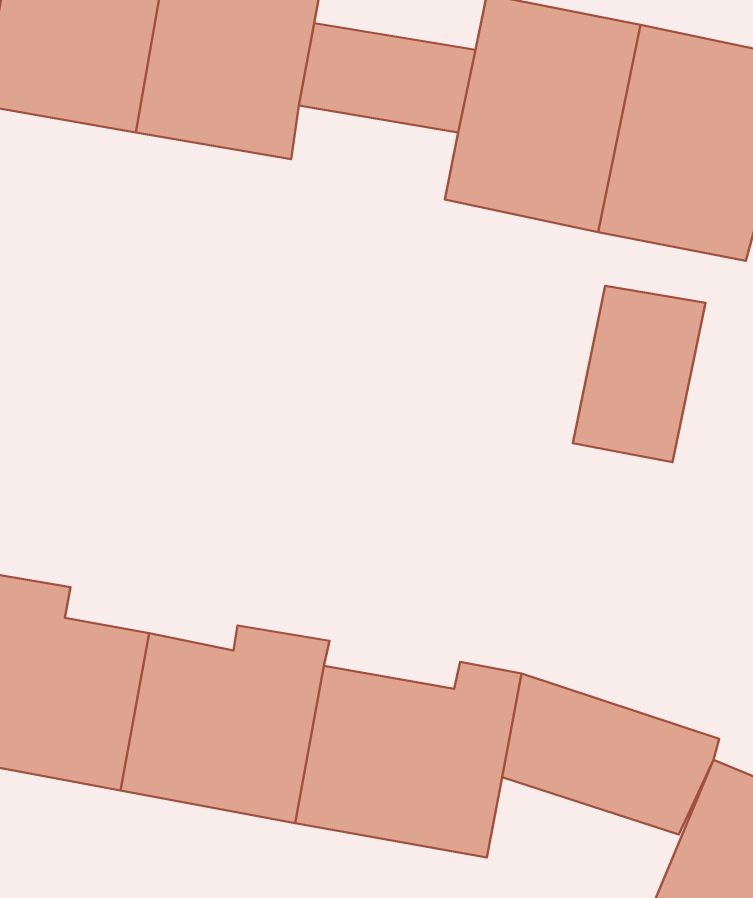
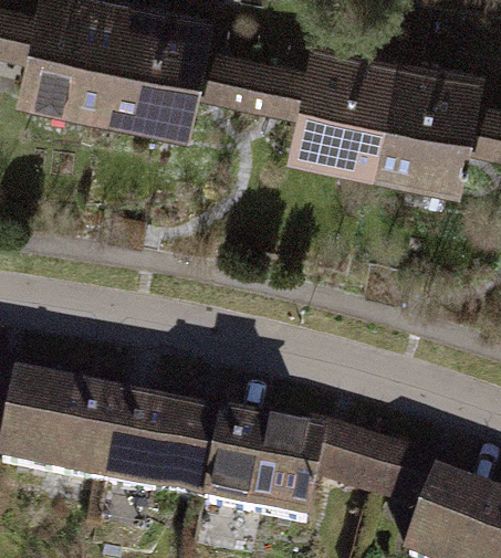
building: [573,286,705,462] -> none

